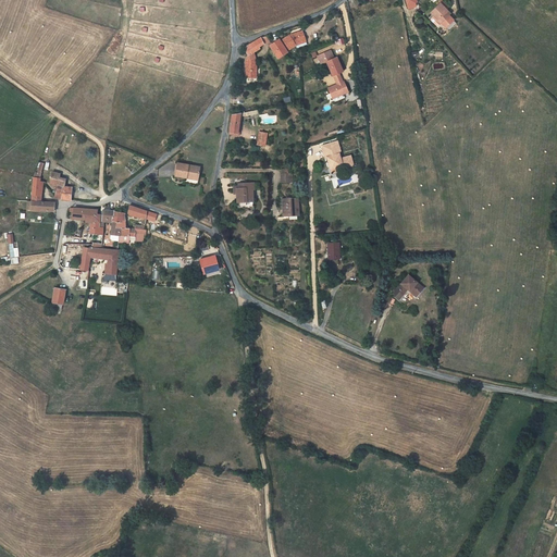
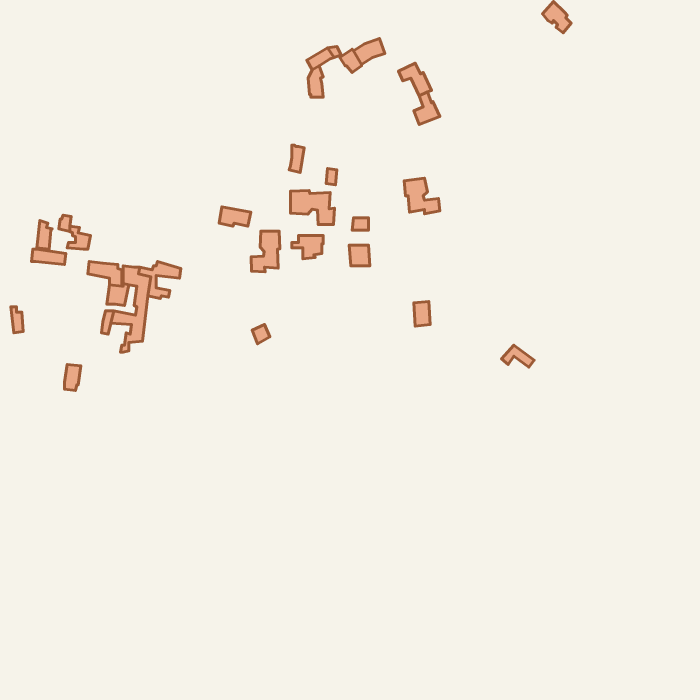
building: none -> [290,191,334,225]
building: none -> [251,231,280,272]

